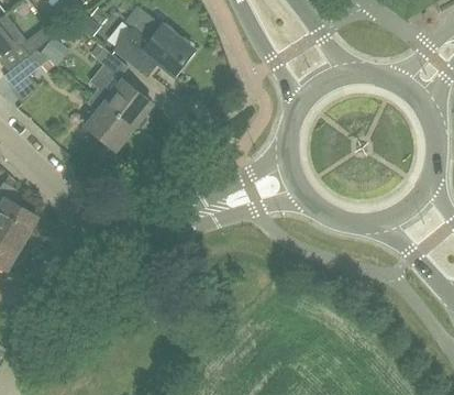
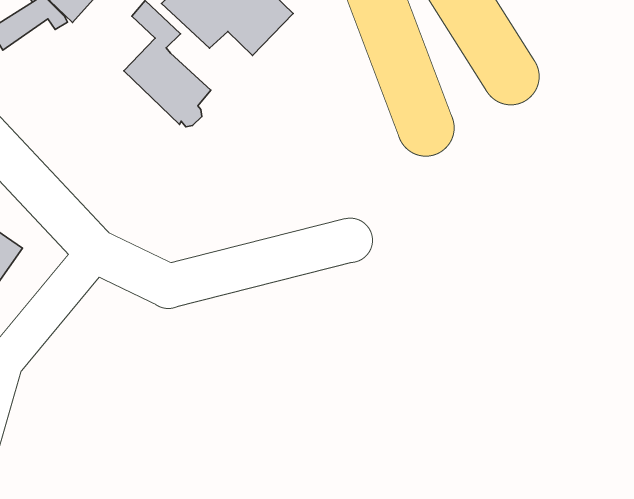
building: [85,95,132,150] -> none

